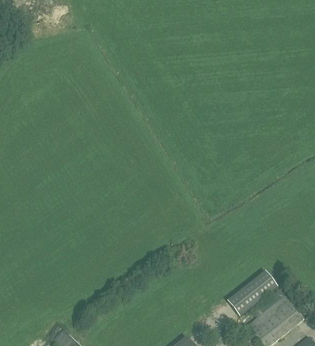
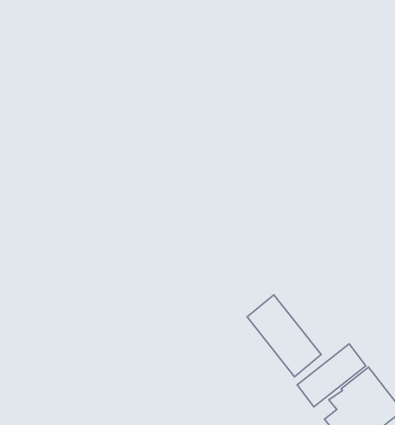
building: none -> [247,295,321,377]

